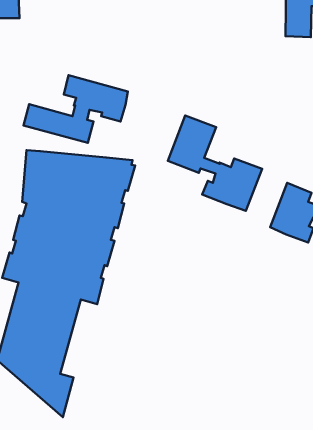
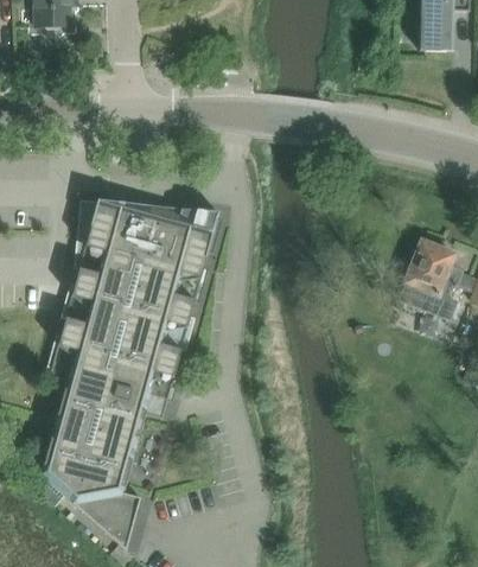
building: [24,75,128,143] -> none
building: [168,115,262,211] -> none

